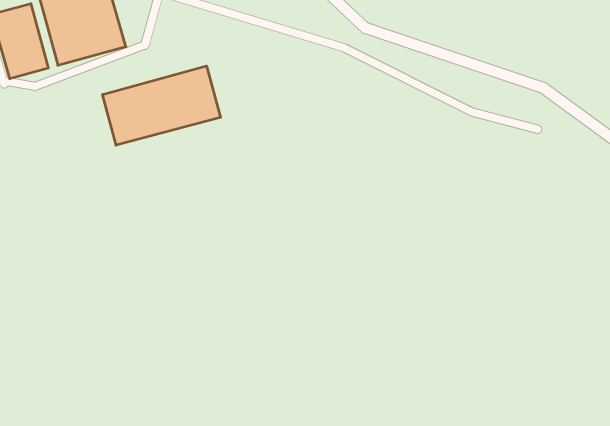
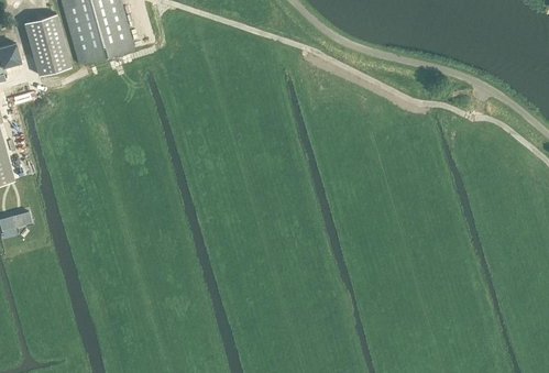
building: [103,66,221,145] -> none

